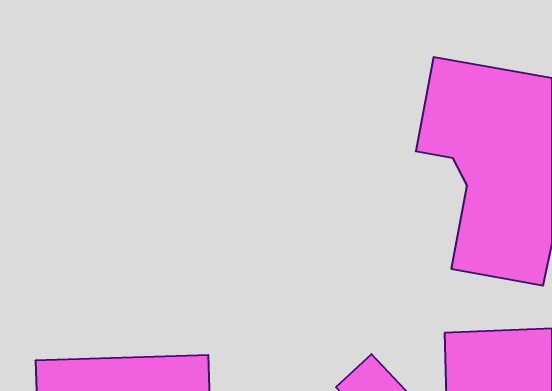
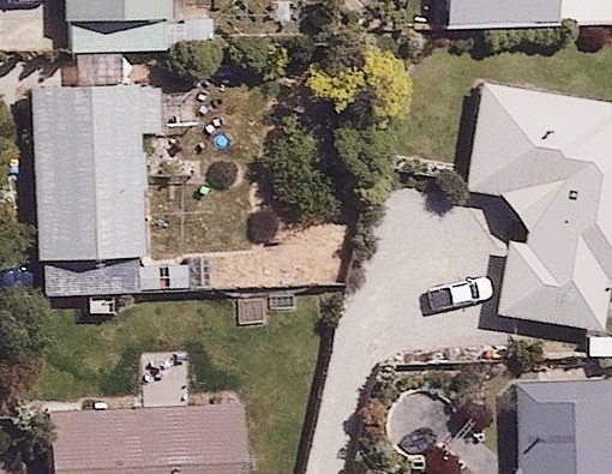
building: none -> [35,82,161,259]

